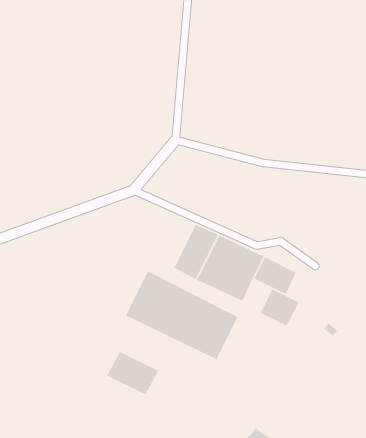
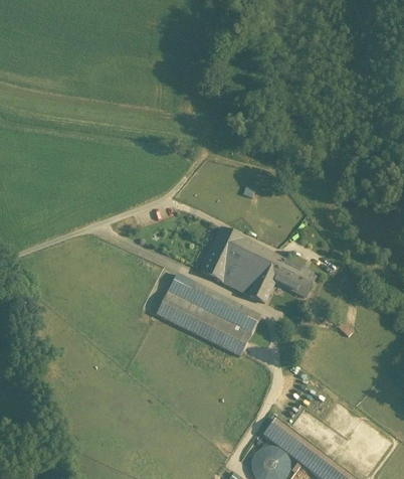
building: [259,288,300,327] -> none
building: [106,351,159,396] -> none

